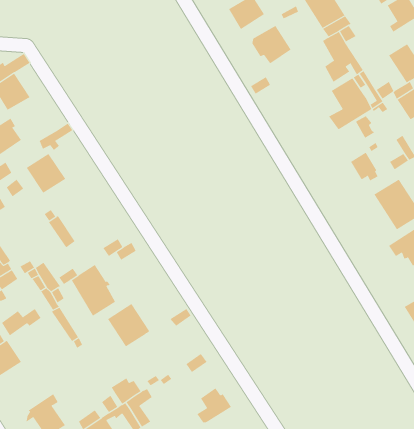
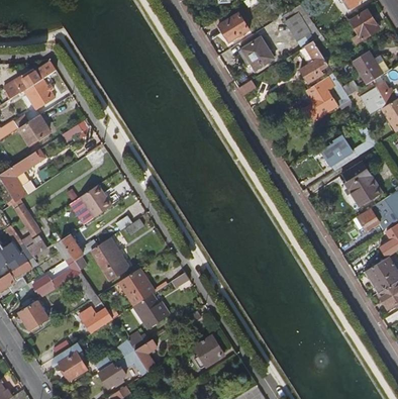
building: [26,153,66,193] -> [80,183,113,216]
building: none -> [131,293,168,329]
building: none -> [76,304,112,333]

